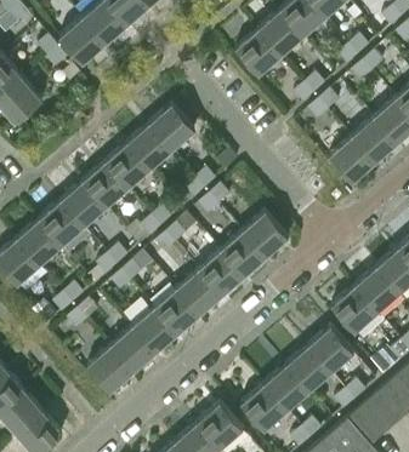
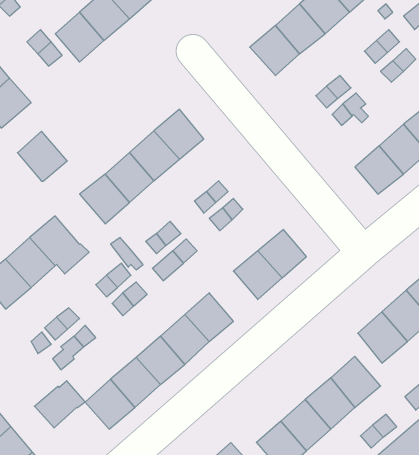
building: [59,182,104,227] -> [17,131,67,181]
building: [198,251,242,296] -> none
building: none -> [34,381,85,428]

